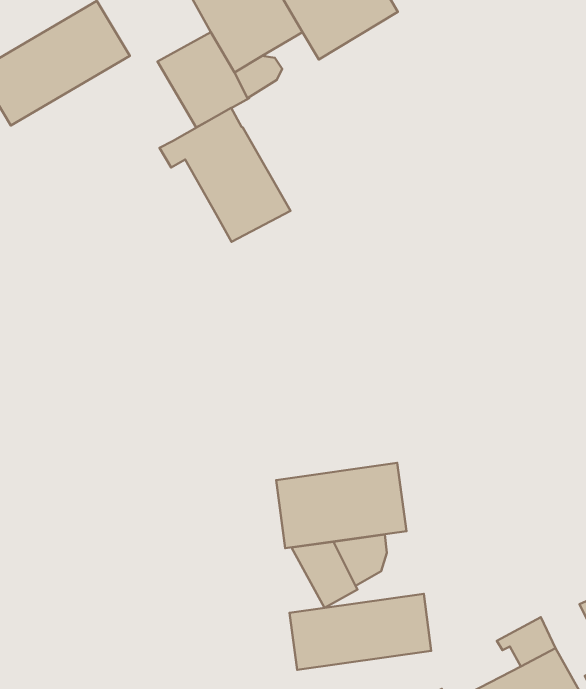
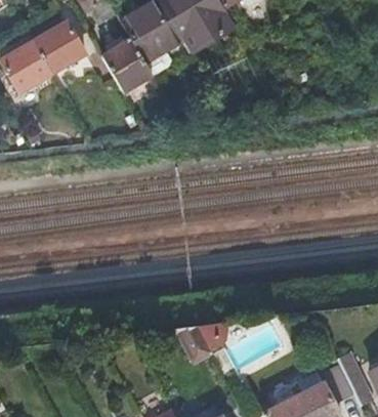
building: [160,108,290,242] -> none
building: [276,463,406,548] -> none
building: [290,594,431,670] -> none

